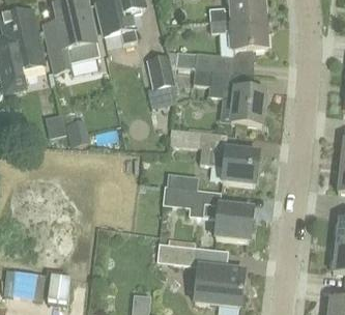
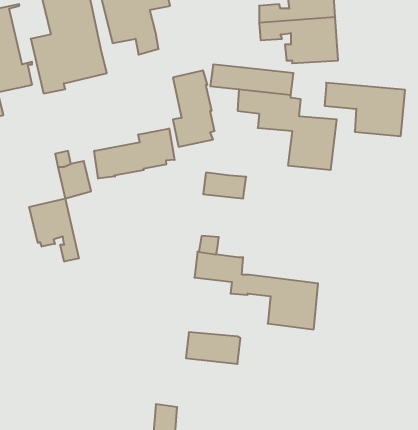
building: none -> [94,128,175,179]
building: [200,145,258,183] -> [325,83,405,136]
building: none -> [29,198,79,262]
building: [195,263,243,306] -> none

